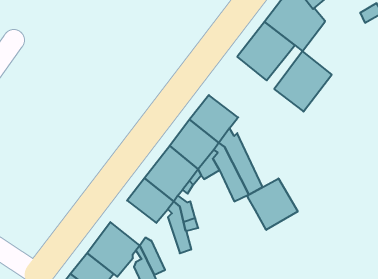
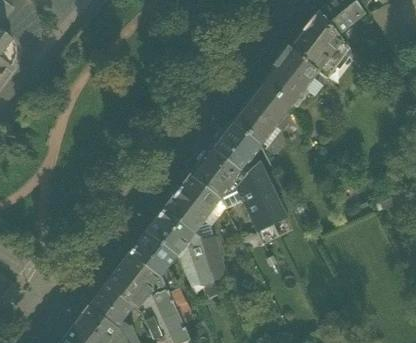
building: [274,51,332,112] -> [230,84,289,146]
building: [247,178,298,230] -> none
building: none -> [129,231,176,277]

